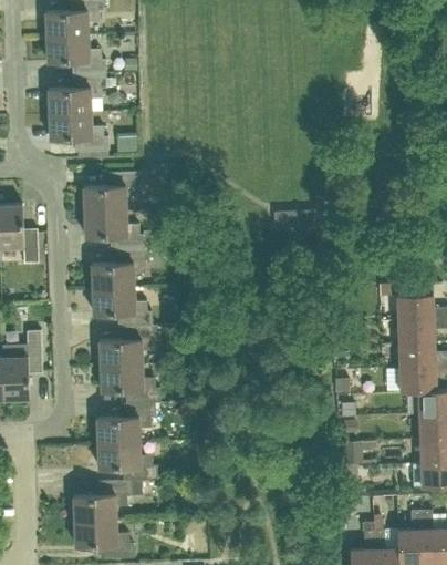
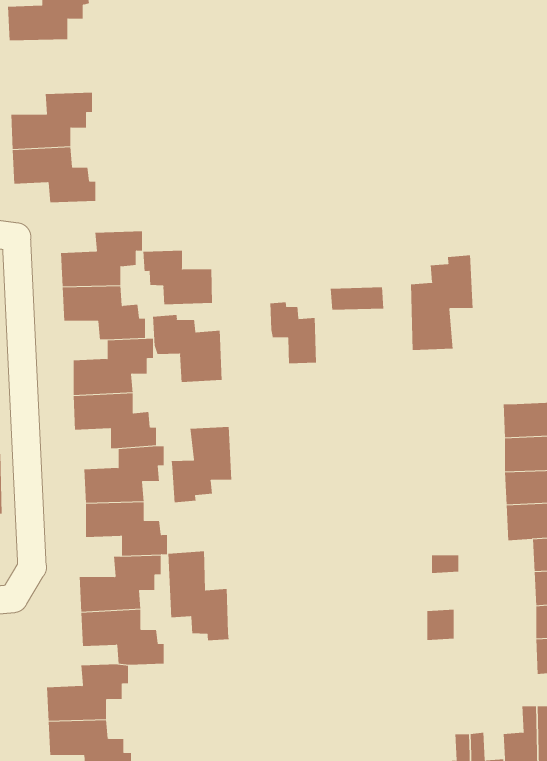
building: [45,35,105,74] -> none
building: none -> [143,250,213,305]
building: none -> [410,254,473,351]
building: none -> [270,302,316,364]
building: none -> [153,314,222,383]
building: none -> [171,426,232,503]
building: none -> [168,550,229,641]

